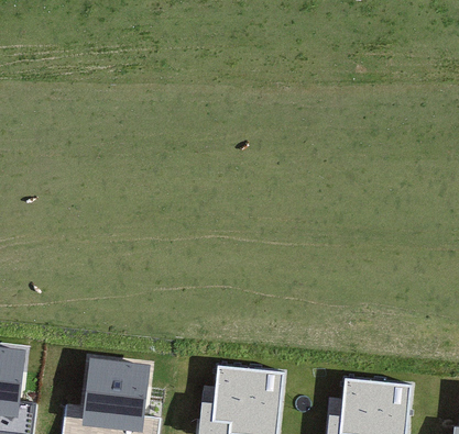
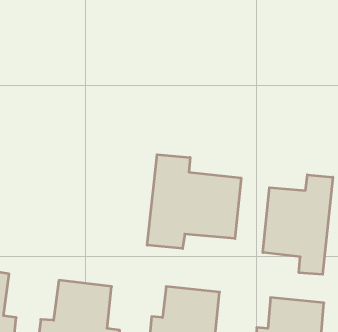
building: none -> [147,155,241,249]
building: none -> [263,175,333,274]

